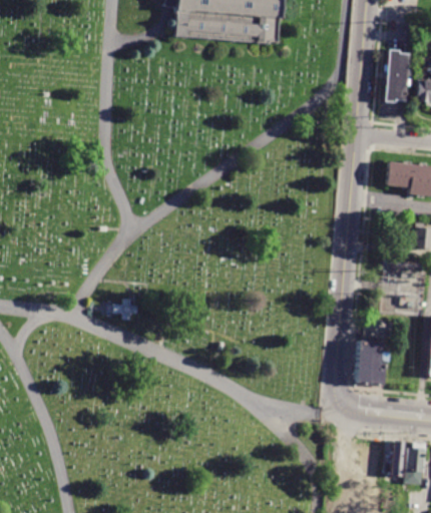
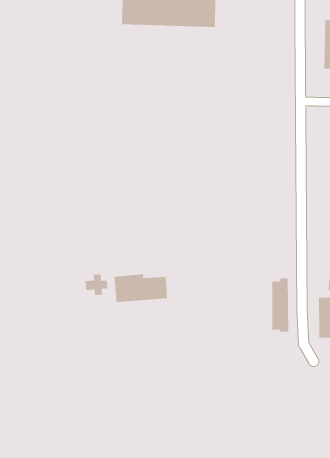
building: none -> [114,273,168,303]
building: none -> [272,277,289,333]

